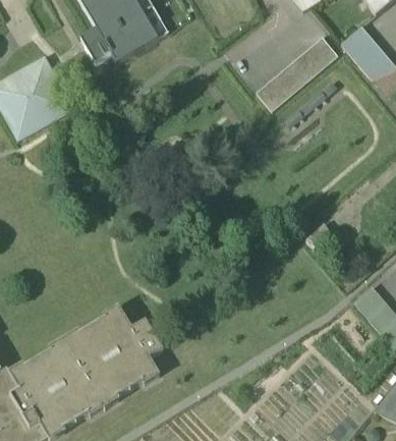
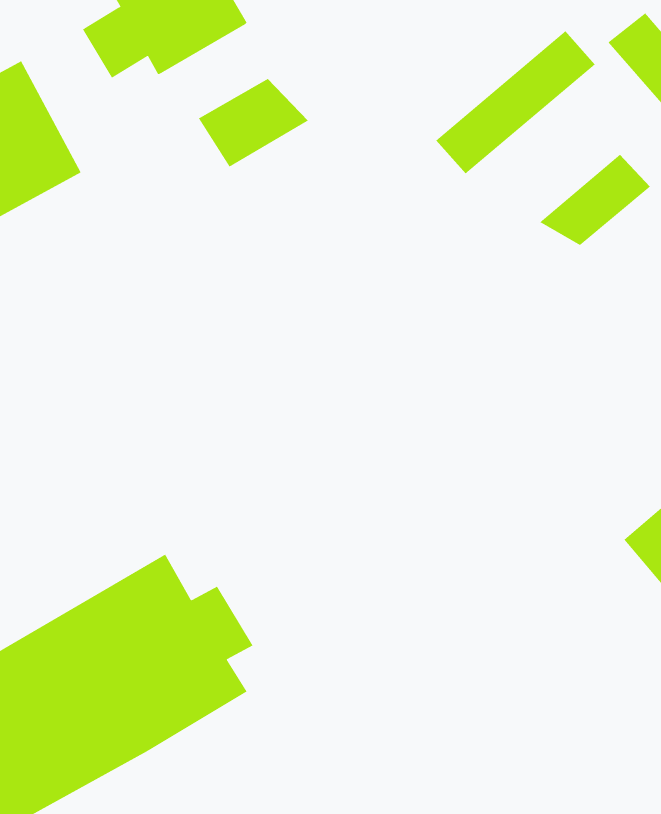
building: none -> [198,78,309,168]
building: none -> [539,154,651,246]

